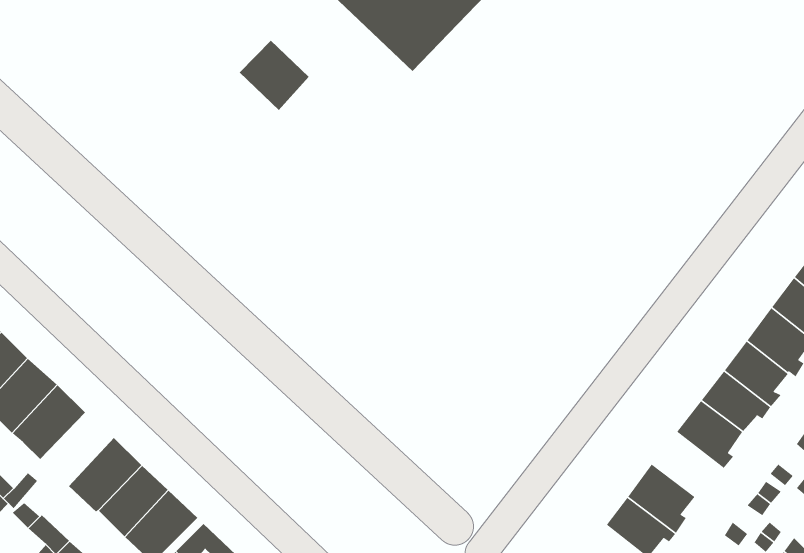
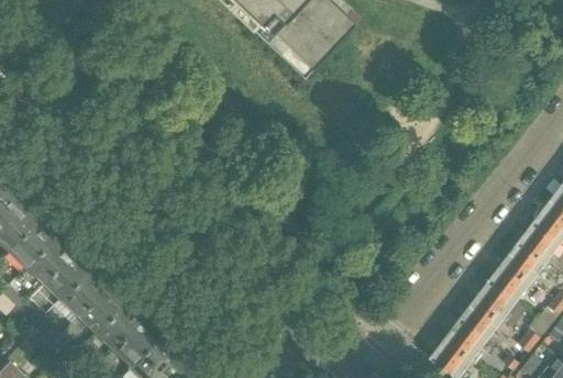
building: [239,40,310,111] -> none
building: none -> [75,287,121,333]
building: none -> [457,299,503,340]

